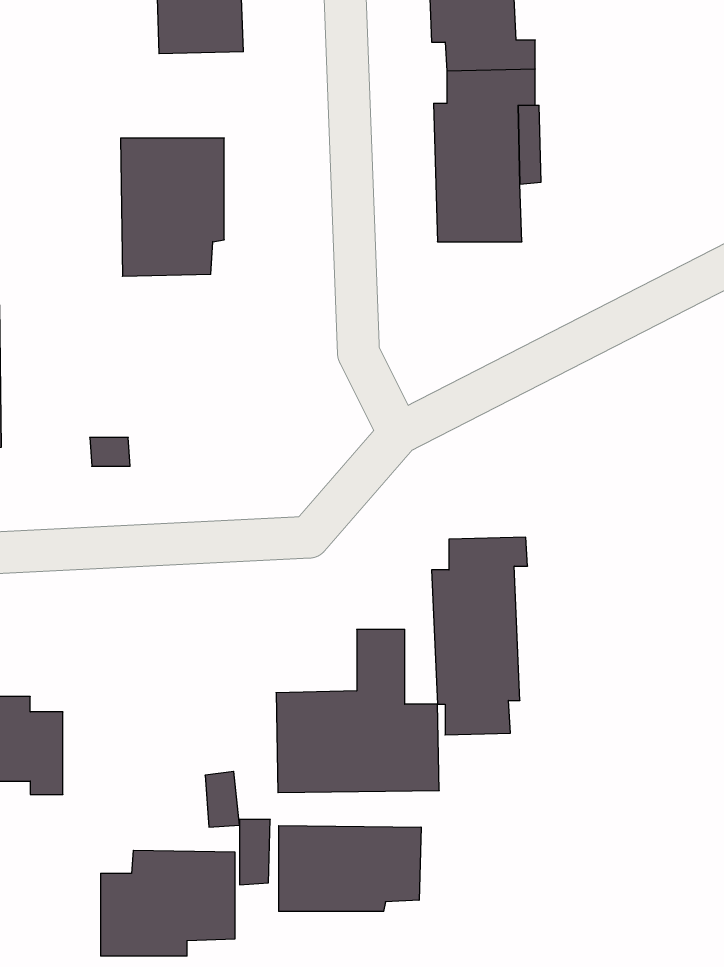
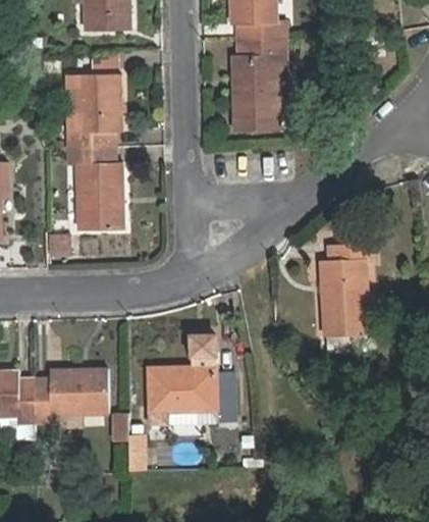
building: none -> [66,147,122,229]
building: [432,537,528,735] -> [321,245,372,350]
building: [279,826,421,911] -> none
building: [101,850,235,956] -> [35,367,106,423]

